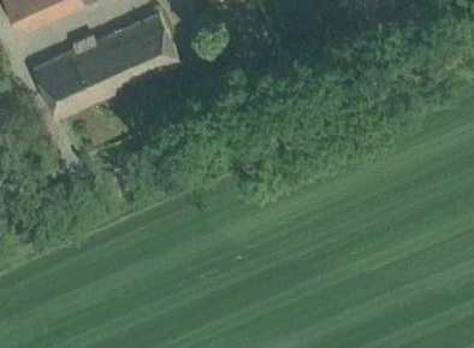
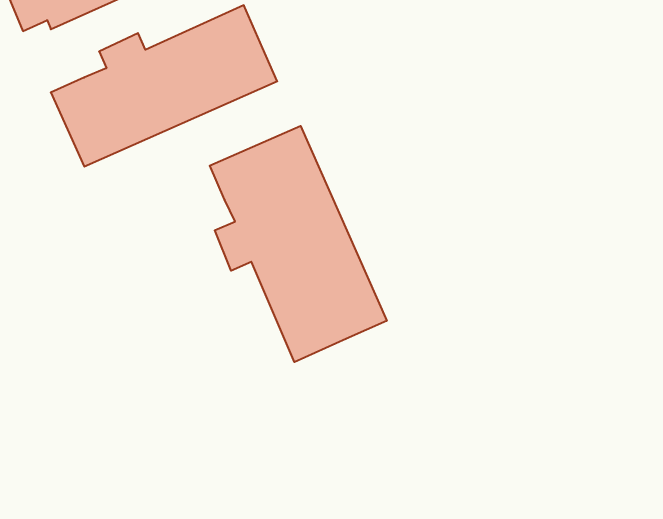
building: none -> [210,126,387,362]

